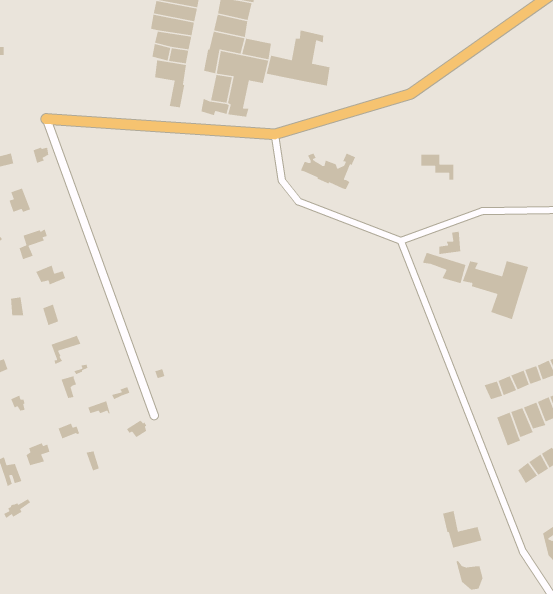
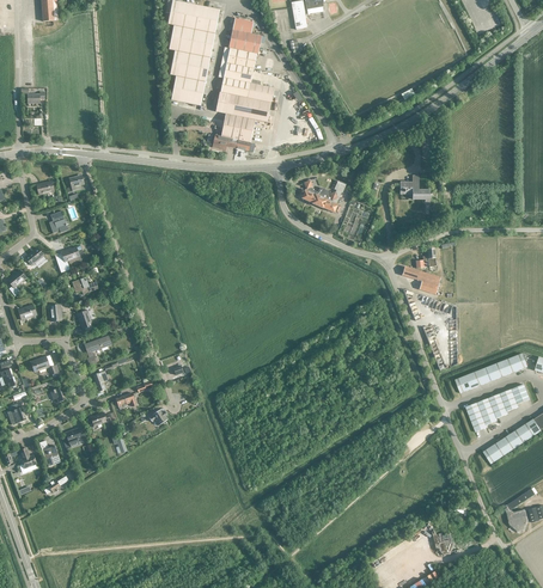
building: [266,29,330,87] -> none
building: [154,60,187,108] -> none
building: [462,260,529,320] -> none
building: [442,510,483,549] -> none

